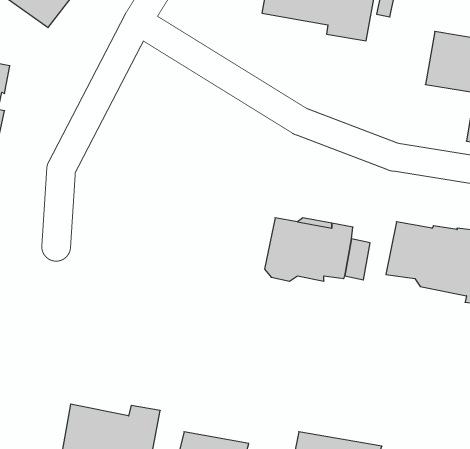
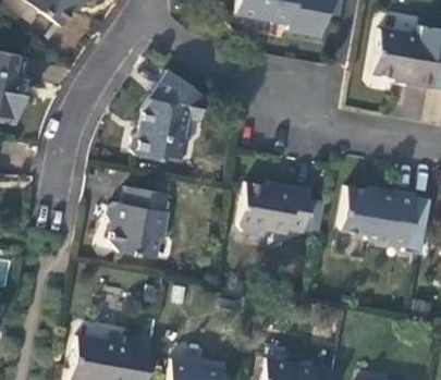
building: none -> [132,70,206,158]
building: none -> [109,185,170,257]

